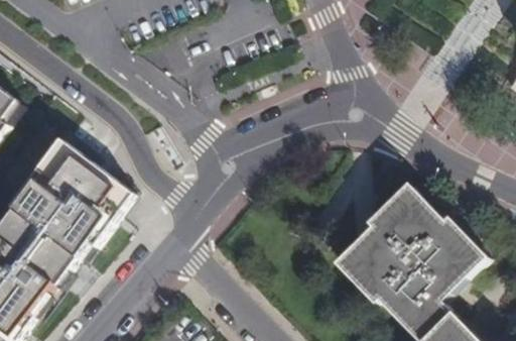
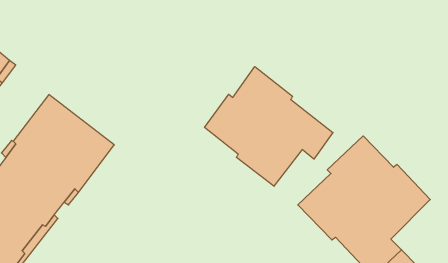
building: none -> [205,67,333,186]

